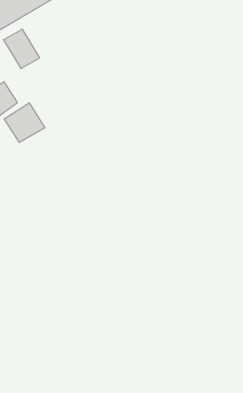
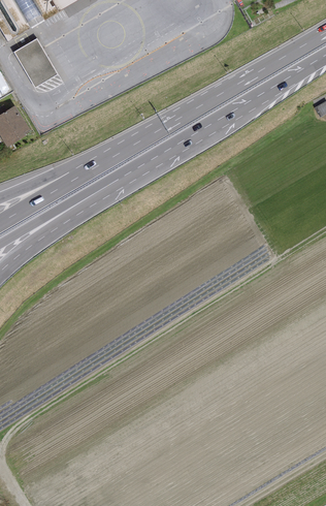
building: [4,103,45,143] -> none

